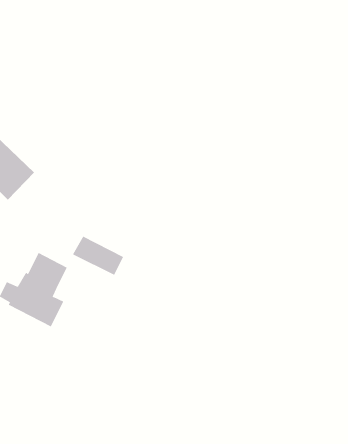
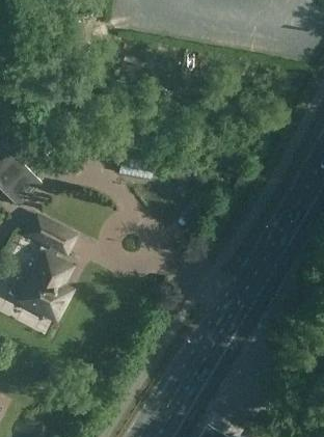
building: [72,236,124,276] -> [28,217,74,252]

